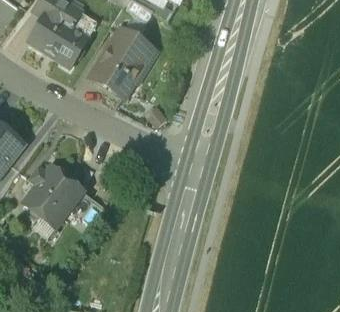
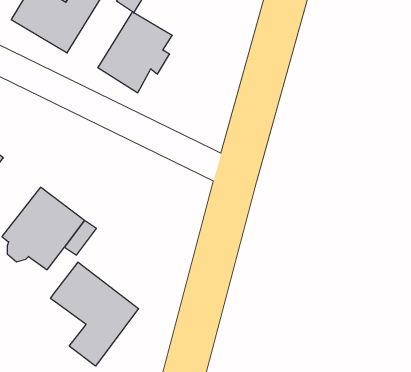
building: none -> [51,262,139,366]

